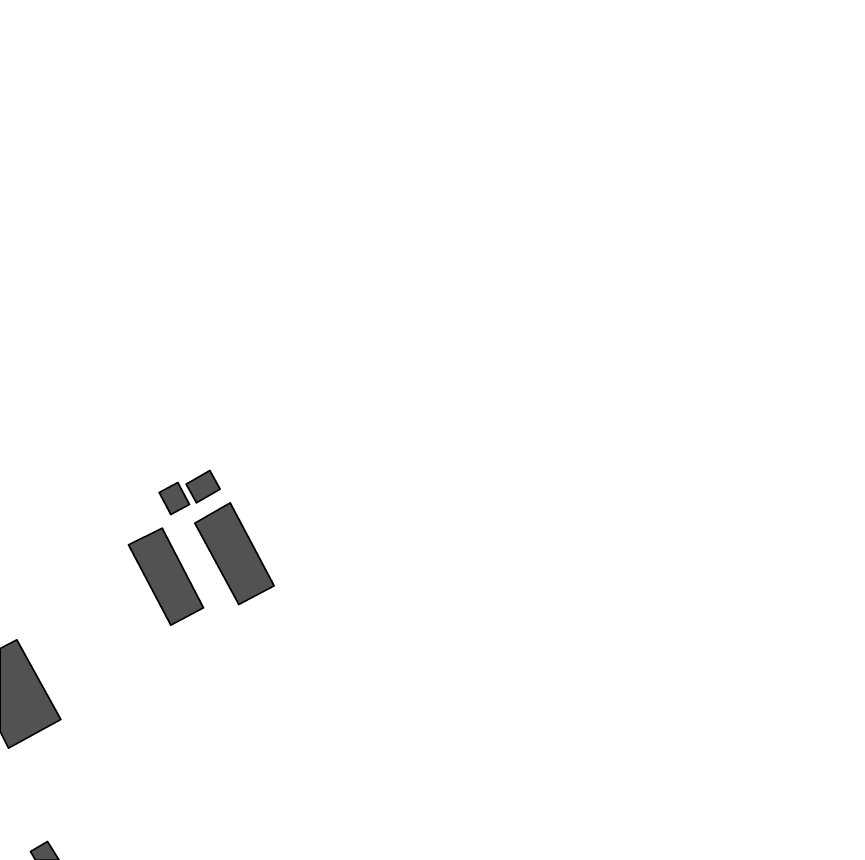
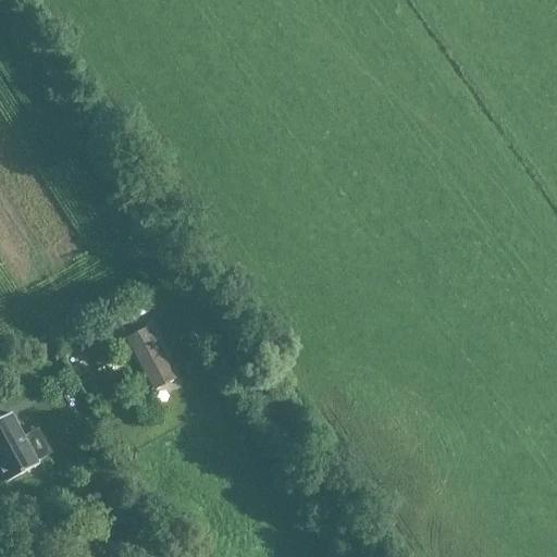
building: [128,528,203,625] -> none

